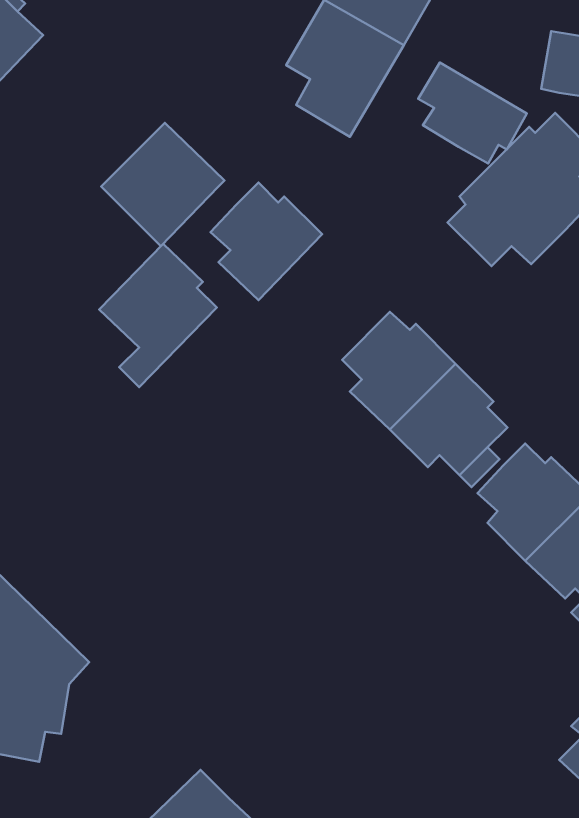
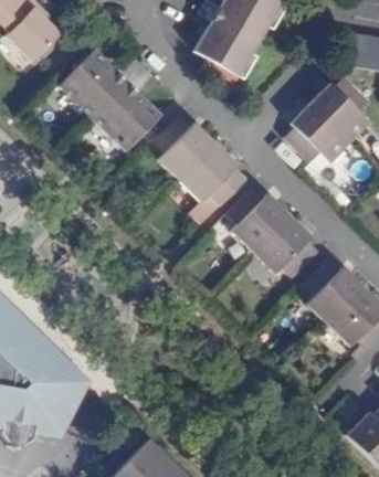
building: [418,63,527,164] -> none
building: none -> [60,49,128,117]
building: [99,244,217,387] -> [180,144,245,223]

